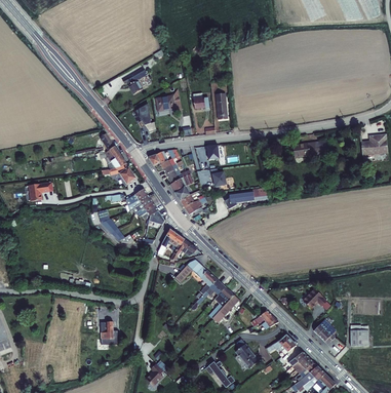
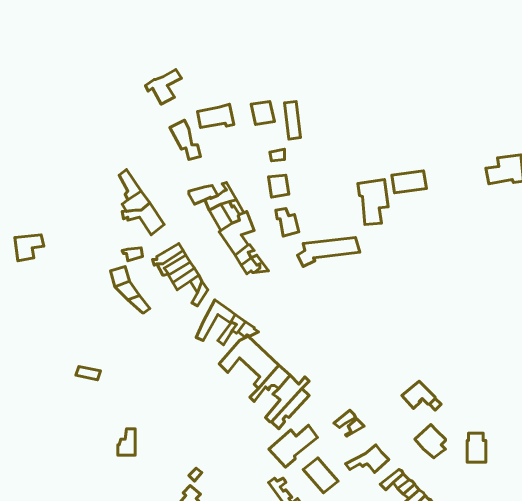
building: none -> [358,179,388,224]
building: none -> [269,425,317,467]

